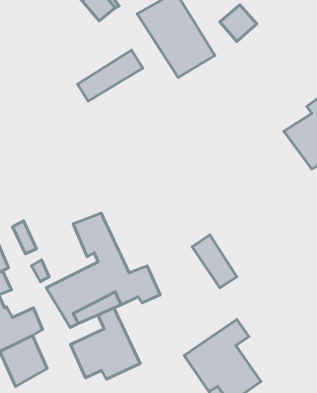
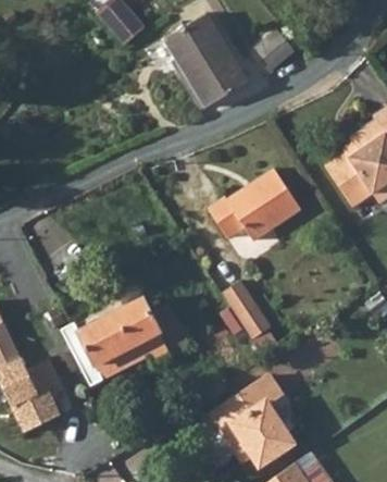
building: [77,50,143,101] -> none
building: none -> [205,165,299,239]
building: [70,308,140,379] -> none

